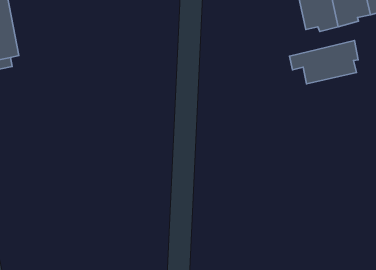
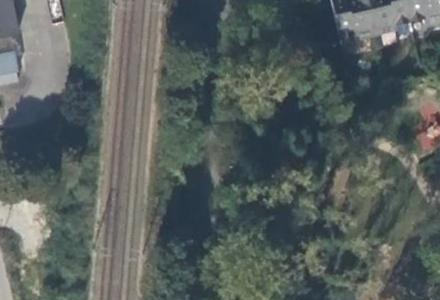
building: [290,40,358,84] -> none

